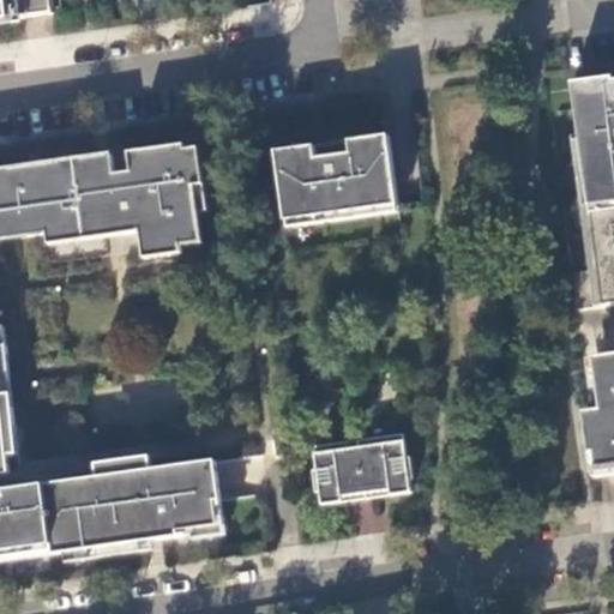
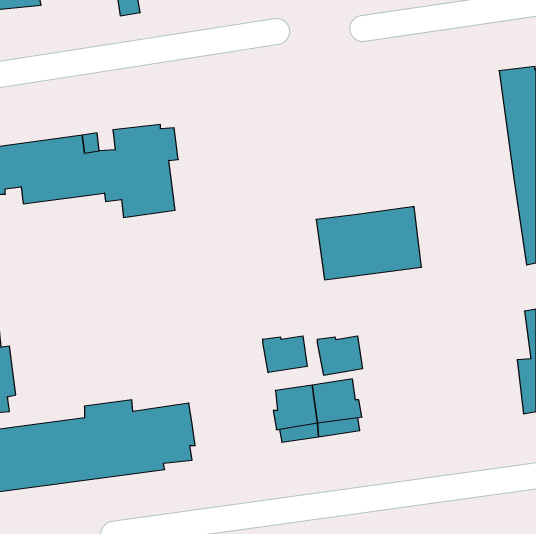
building: [275,132,395,215] -> [316,207,422,280]
building: none -> [317,336,363,375]
building: none -> [263,336,307,373]

